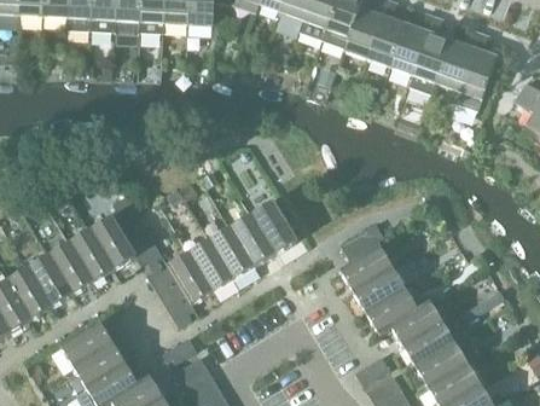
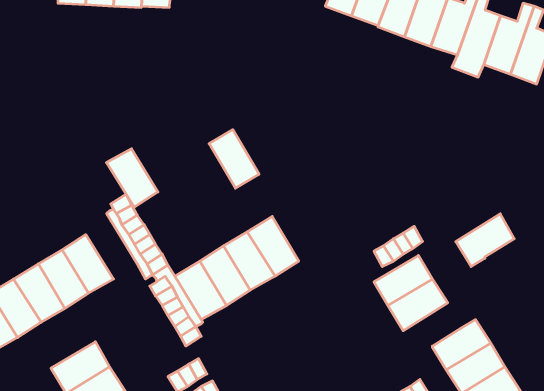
building: [252,202,296,253] -> [209,130,259,188]
building: [91,217,135,268] -> [106,149,158,207]
building: [366,289,417,335] -> [456,214,514,267]

